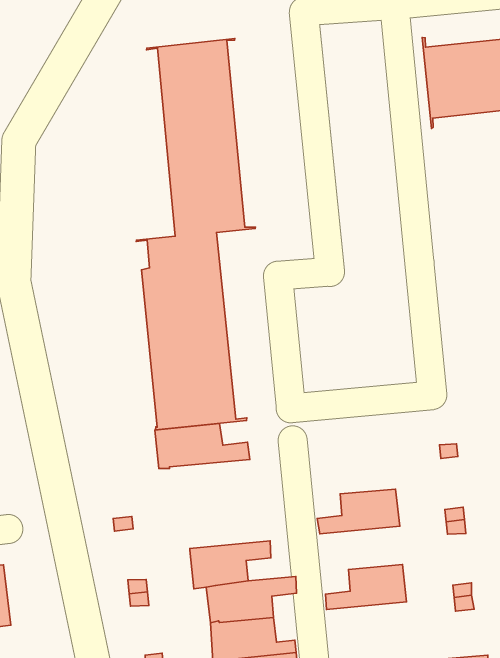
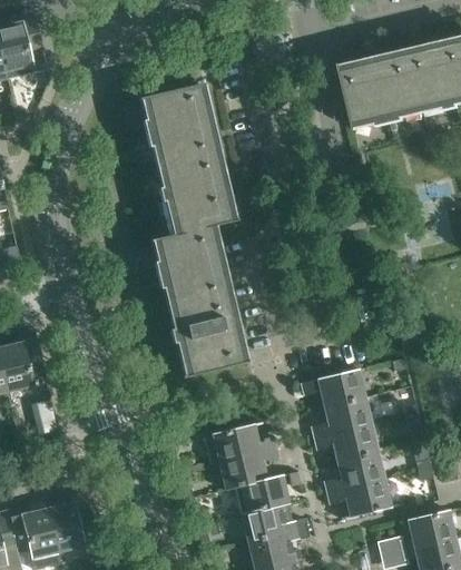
building: [155,423,250,469] -> [206,425,278,464]
building: none -> [301,371,365,407]
building: none -> [314,425,377,462]
building: none -> [326,480,391,518]

